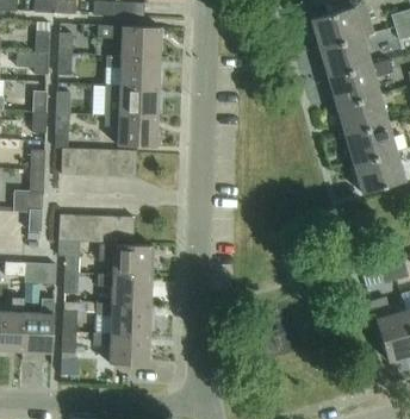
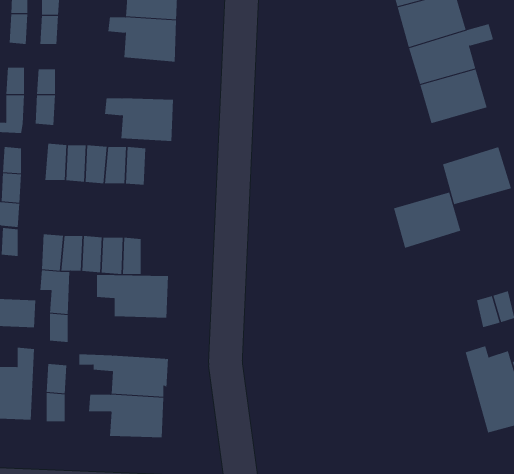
building: [104,85,157,115] -> none
building: [346,121,396,163] -> [393,192,461,249]
building: [98,274,151,306] -> none

